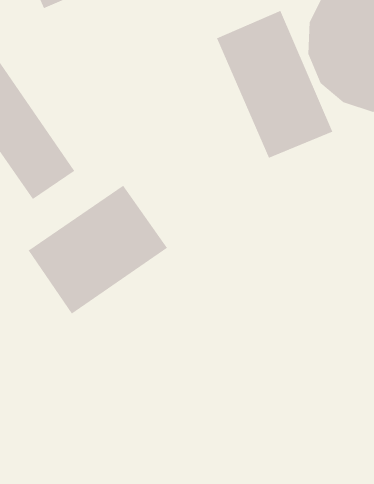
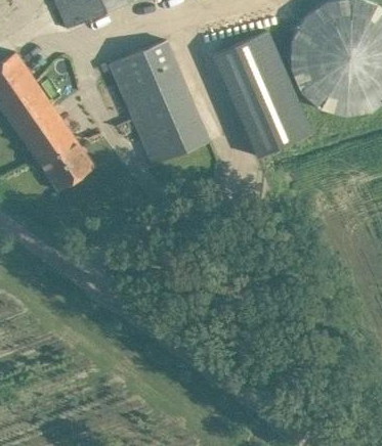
building: none -> [108,39,209,164]
building: [28,185,168,315] -> none

